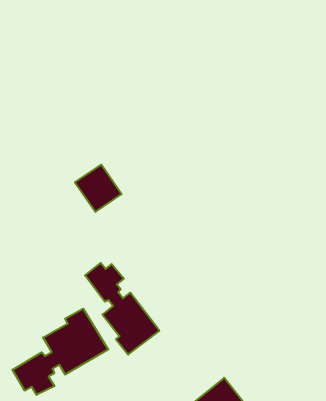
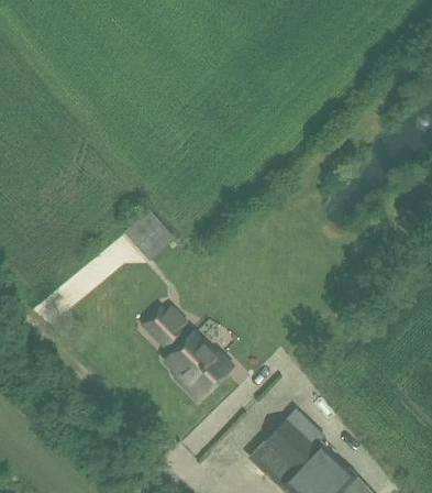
building: [12,309,108,395] -> none

